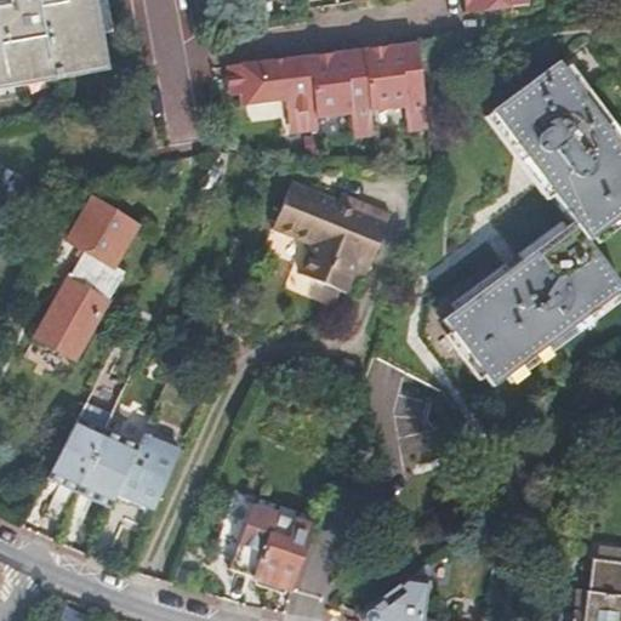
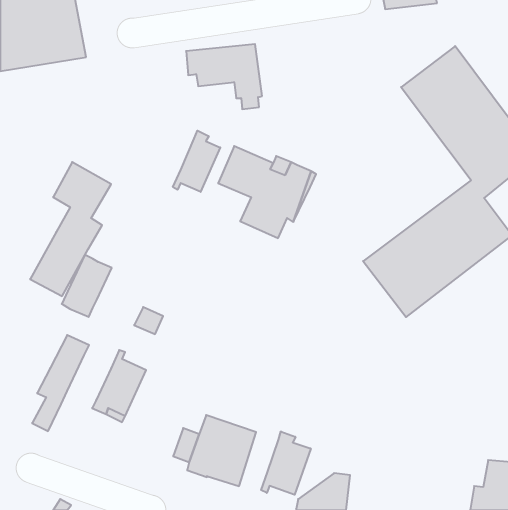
building: [313,42,426,131] -> none
building: none -> [173,131,220,192]
building: [78,431,138,506] -> [62,255,112,317]
building: none -> [261,431,311,495]

